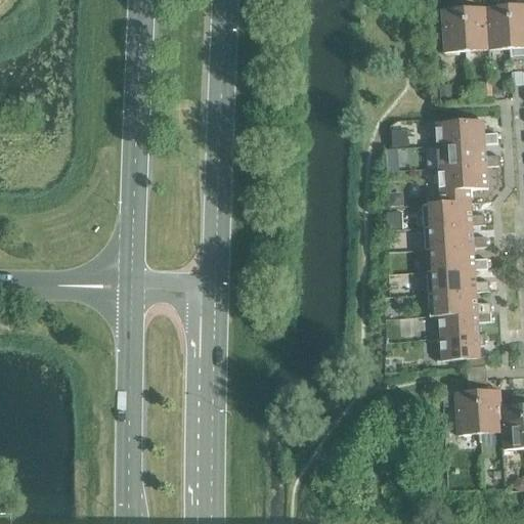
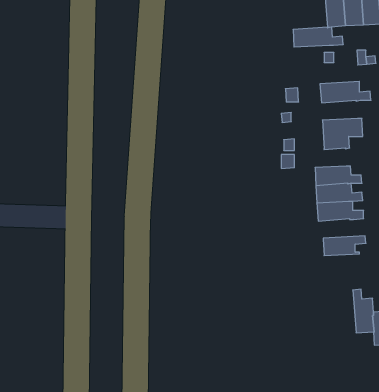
building: [435,142,497,167] -> [293,27,343,47]
building: [425,202,483,226] -> none
building: [431,290,489,315] -> none
building: [438,334,484,366] -> none
building: [452,379,478,434] -> none

